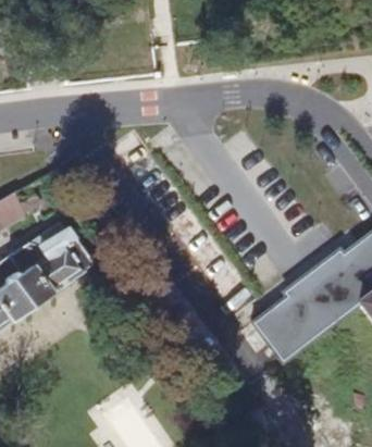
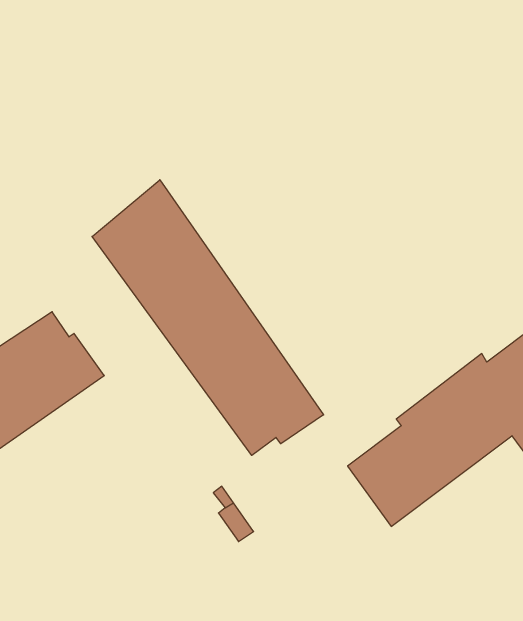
building: none -> [92,180,324,455]

